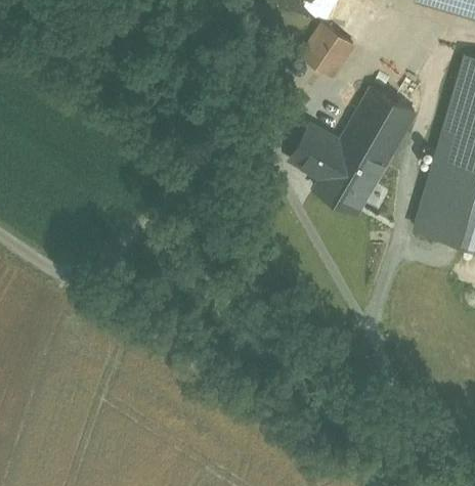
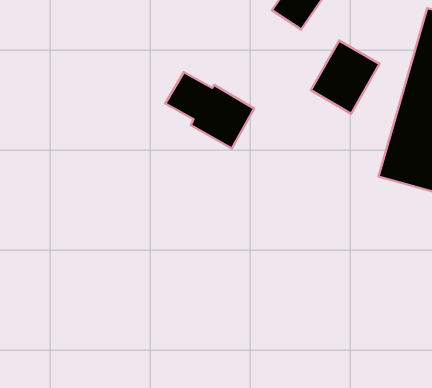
building: [291,128,384,208] -> [165,72,254,149]

